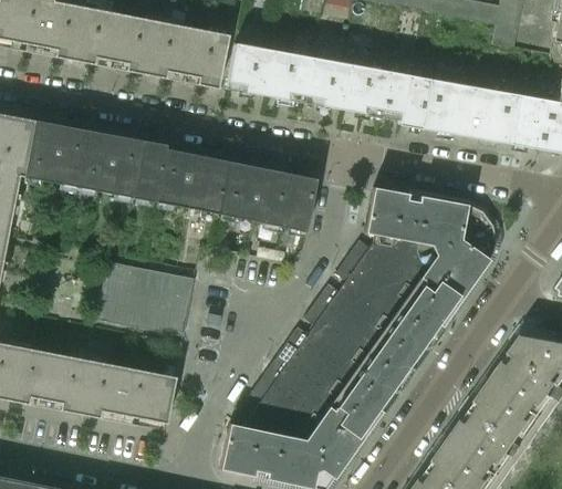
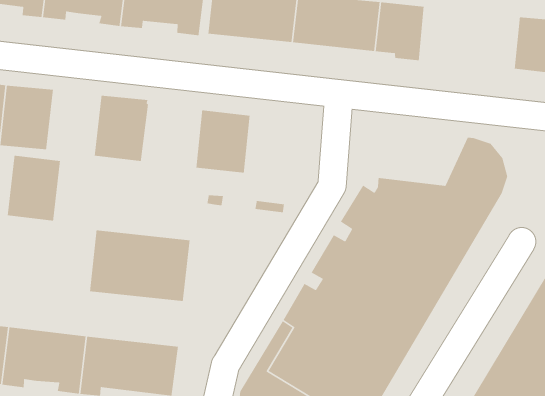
building: [422,77,518,143] -> none
building: [67,127,122,193] -> [7,155,61,222]
building: [155,148,215,211] -> none
building: [250,166,315,231] -> none
building: [365,186,460,246] -> none

